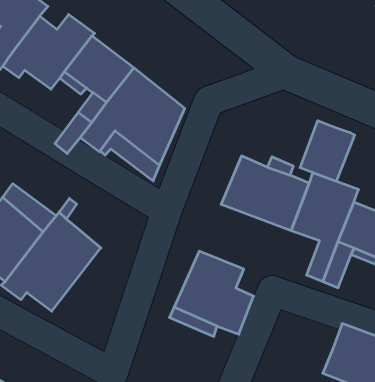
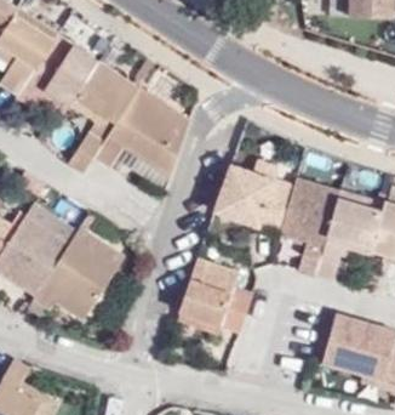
building: [300,121,355,181] -> none

